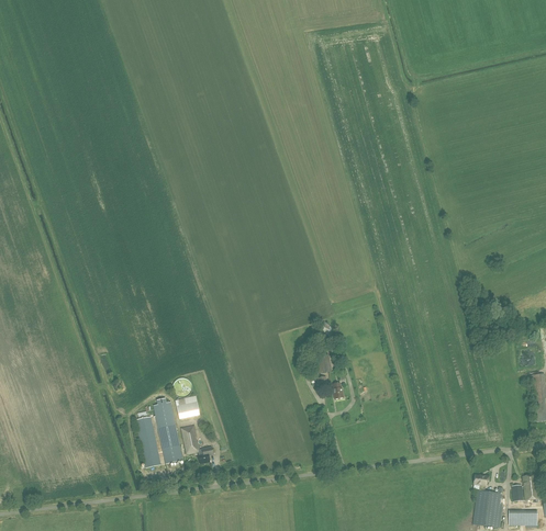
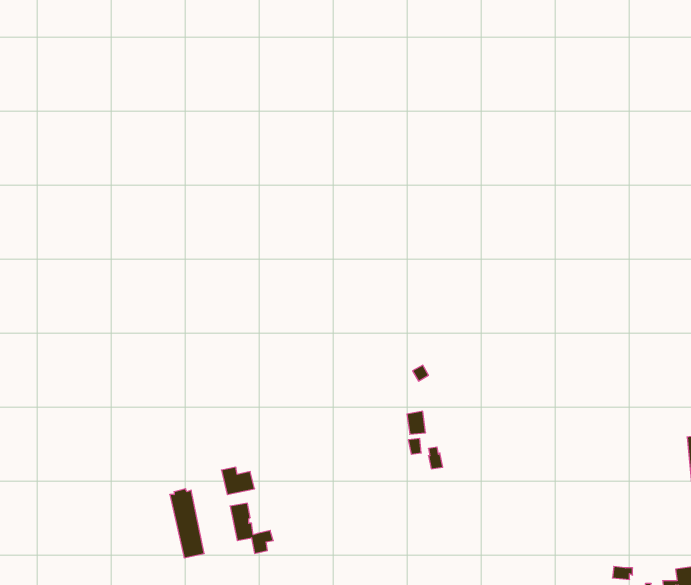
building: [154,398,183,463] -> none

